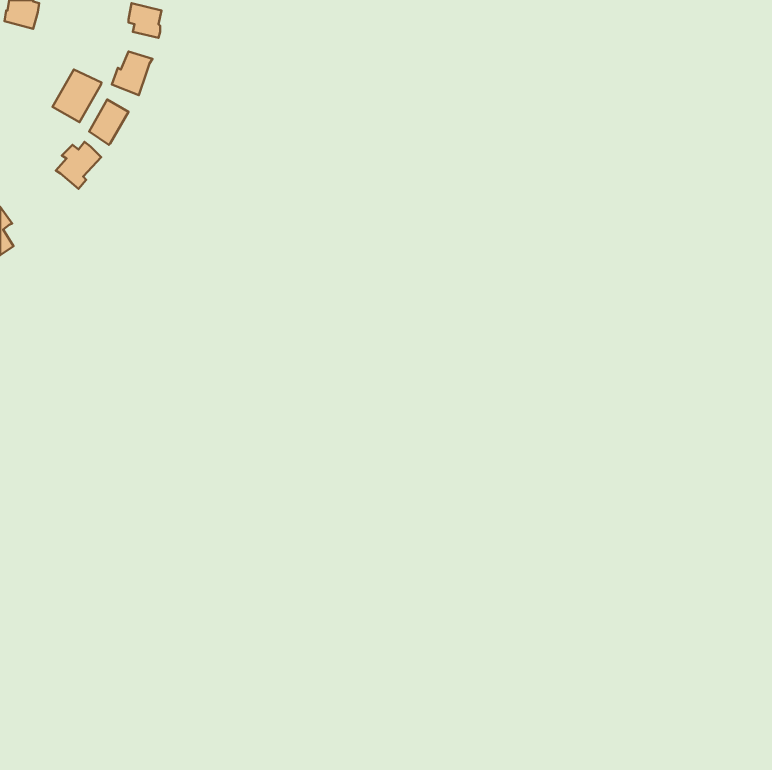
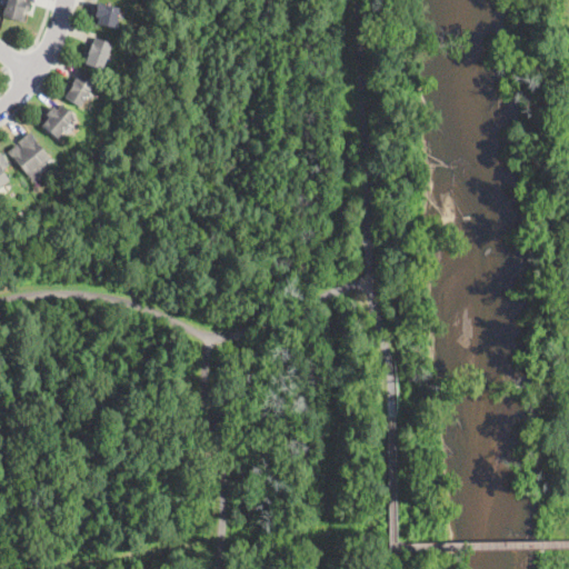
building: [53,69,102,122] -> none
building: none -> [8,132,52,179]

